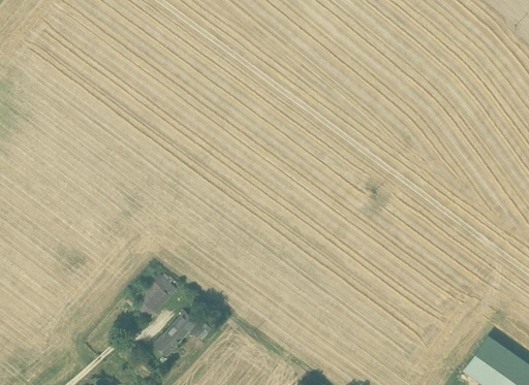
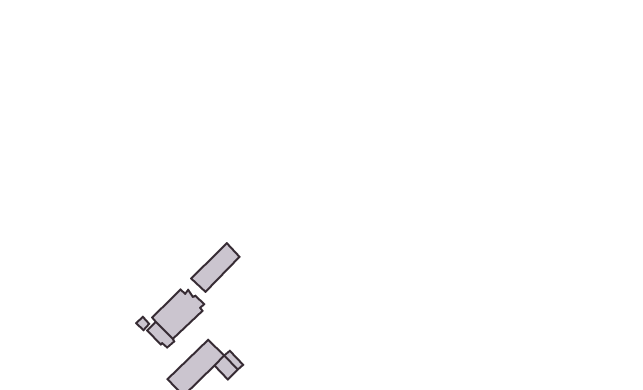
building: none -> [191,243,240,292]

